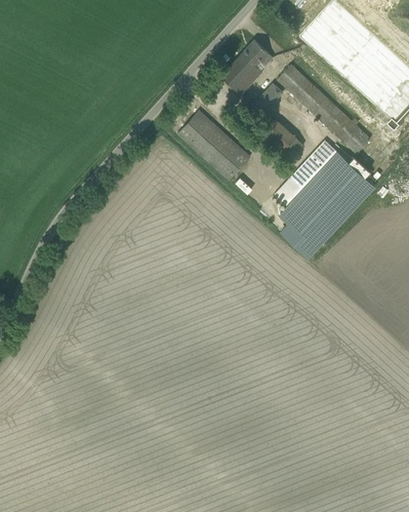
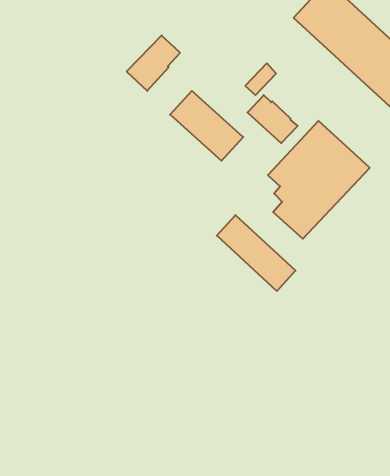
building: [220,39,274,94] -> [127,35,180,91]
building: [277,64,370,153] -> none
building: none -> [217,215,296,291]

